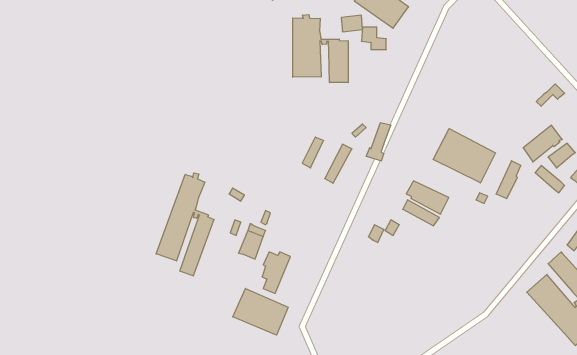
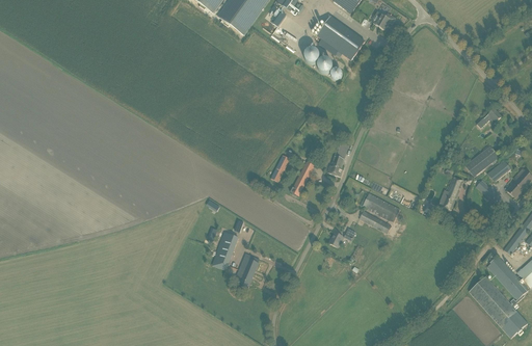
building: [293,15,348,83] -> none
building: [433,129,495,183] -> none
building: [156,173,214,276] -> none
building: [233,288,288,335] -> none

